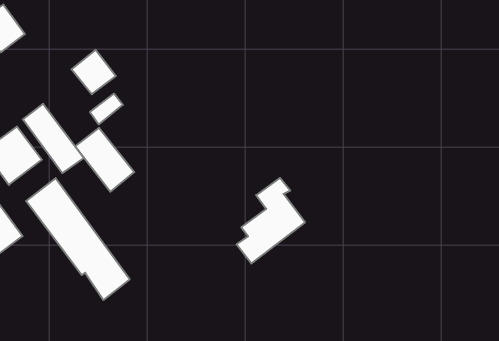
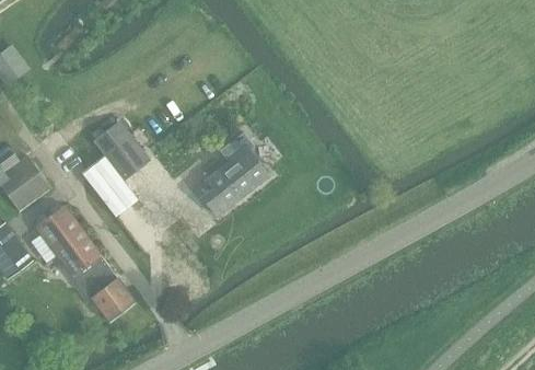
building: [71,50,116,94] -> [104,134,147,176]
building: [23,104,84,173] -> none
building: [237,178,305,264] -> [201,132,267,215]

